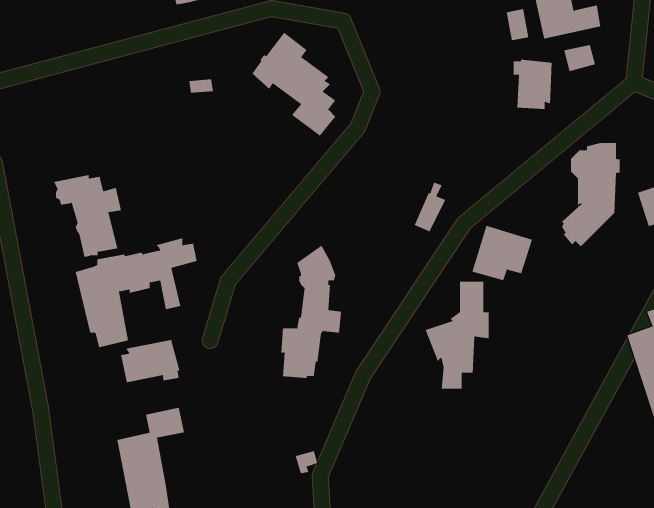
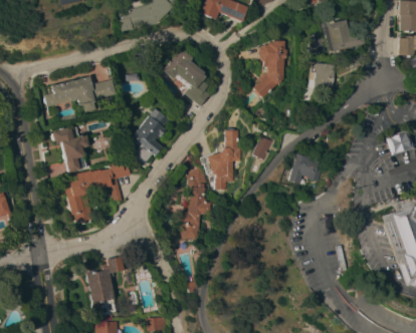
building: none -> [45,75,118,111]
building: none -> [132,108,171,162]
building: [561,143,621,247] -> [254,40,287,98]
building: [425,281,490,389] -> [207,129,243,190]
building: [120,339,180,383] -> none

